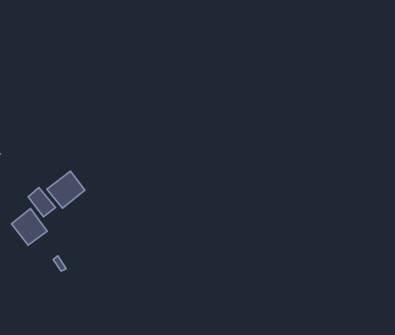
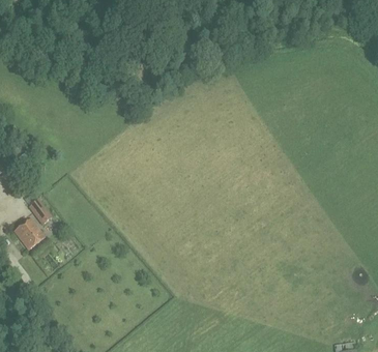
building: [47,171,85,208] -> none

